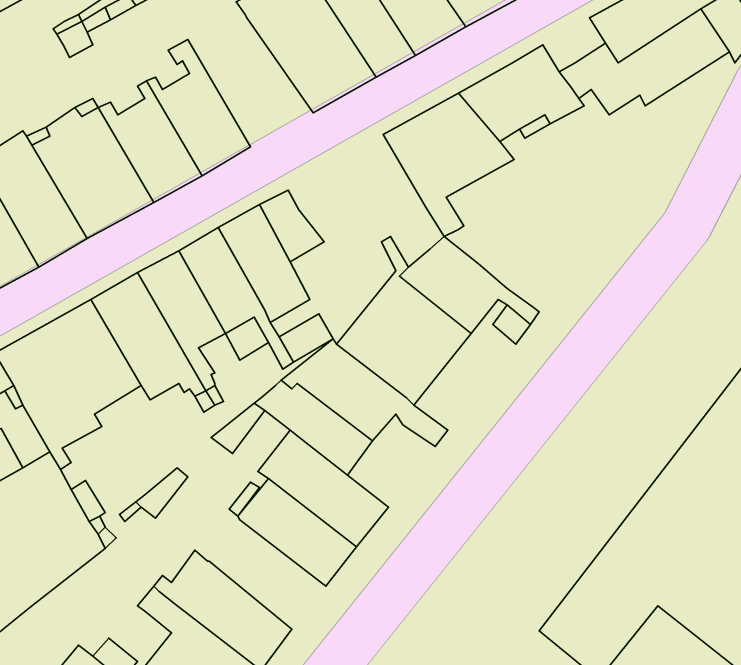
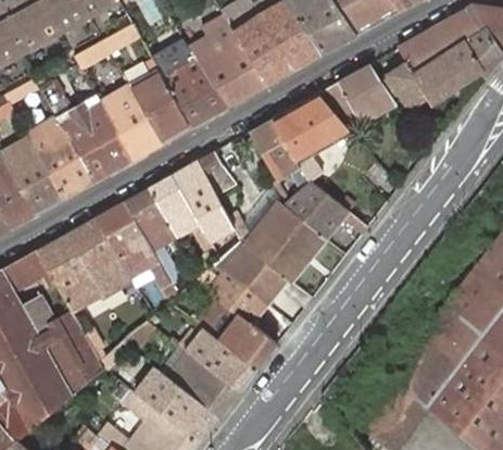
building: none -> [152,46,230,126]
building: none -> [250,118,310,188]
building: none -> [166,352,238,418]

